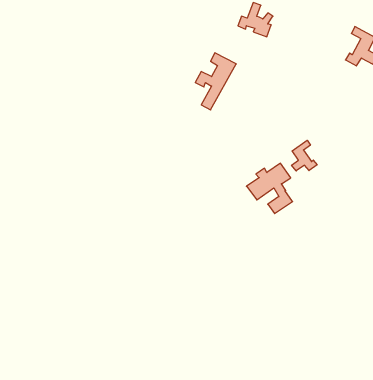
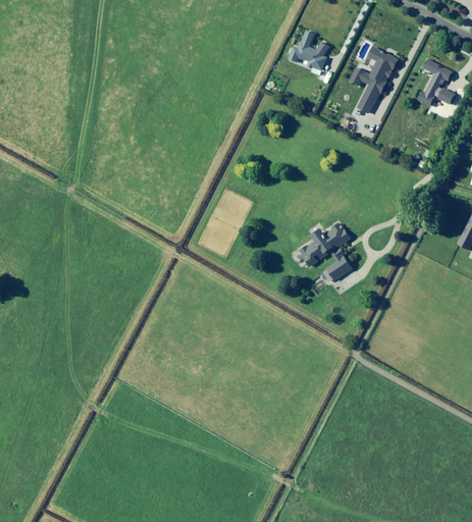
building: [195,53,236,110] -> [350,45,399,113]
building: [292,140,317,171] -> none

